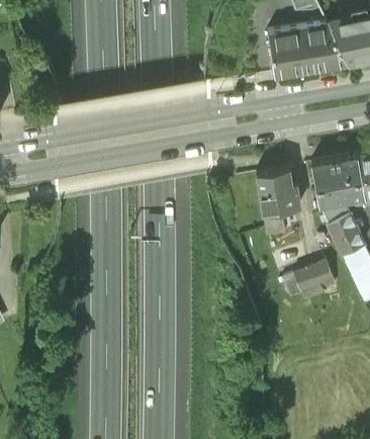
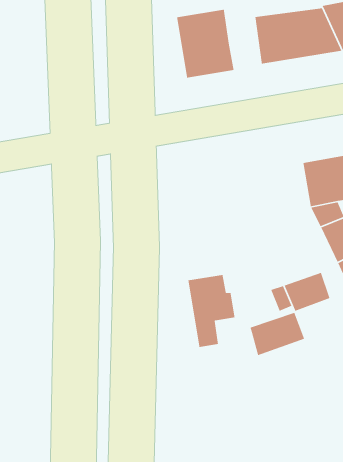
building: none -> [176,9,235,78]
building: [256,167,299,234] -> [188,274,236,348]
building: none -> [249,312,305,356]

